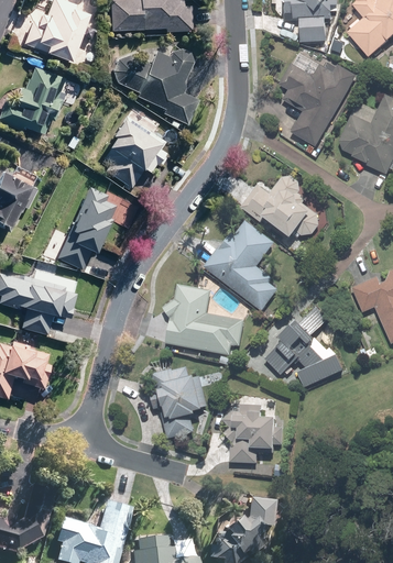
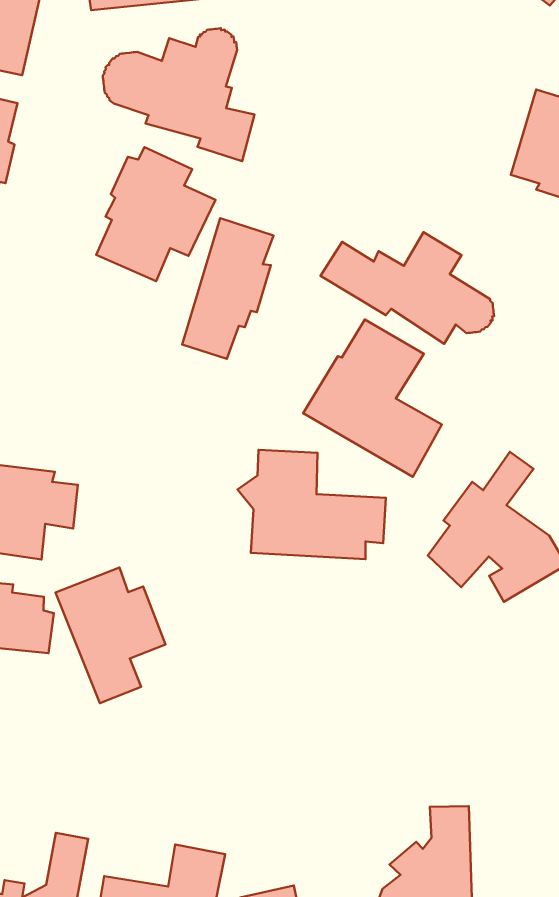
building: [282,66,356,148] -> none
building: [58,189,117,268] -> [182,218,273,359]
building: [151,364,209,439] -> [56,568,166,703]
building: [225,399,284,464] -> none

